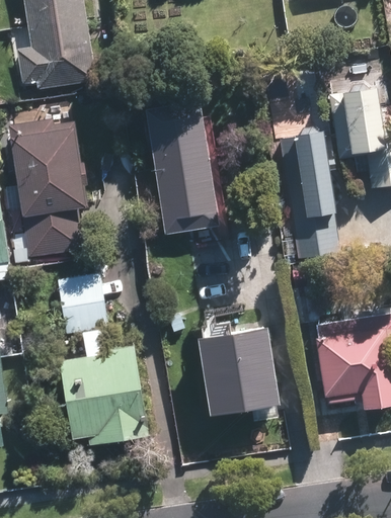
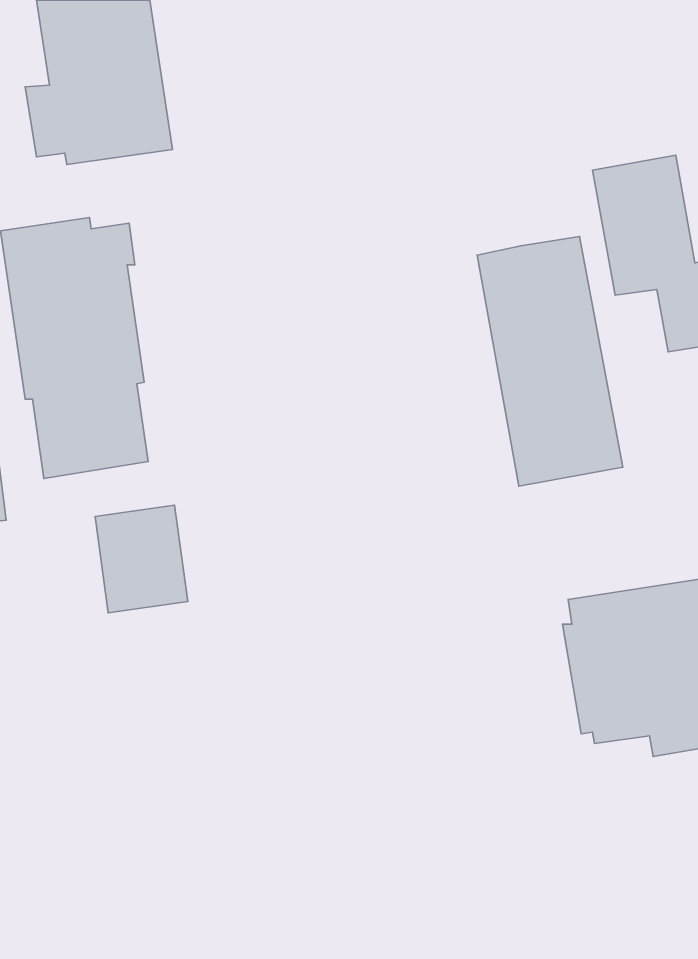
building: [146,101,222,236] -> none
building: [192,324,279,415] -> none
building: [59,343,152,444] -> none

